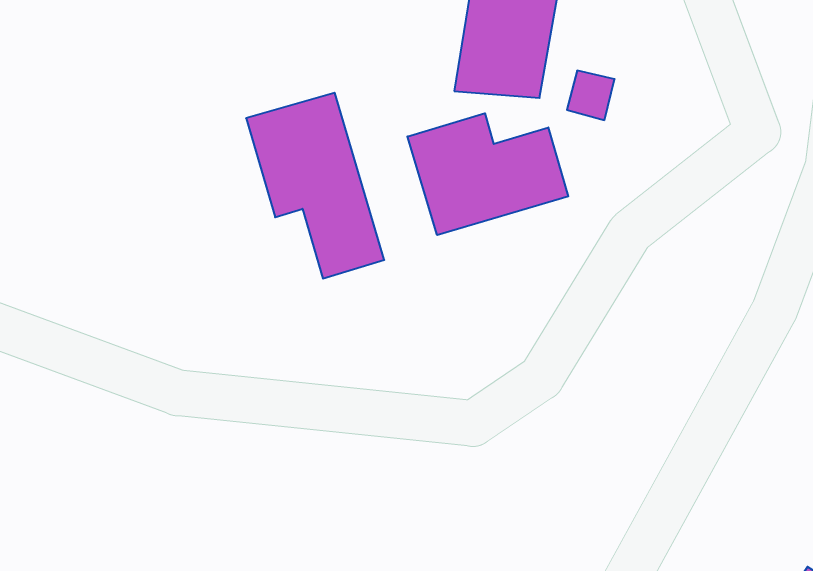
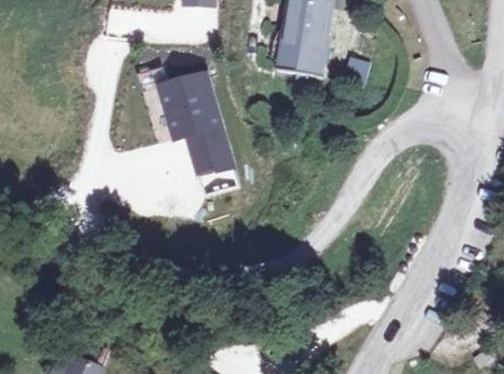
building: [407,113,568,235] -> none

